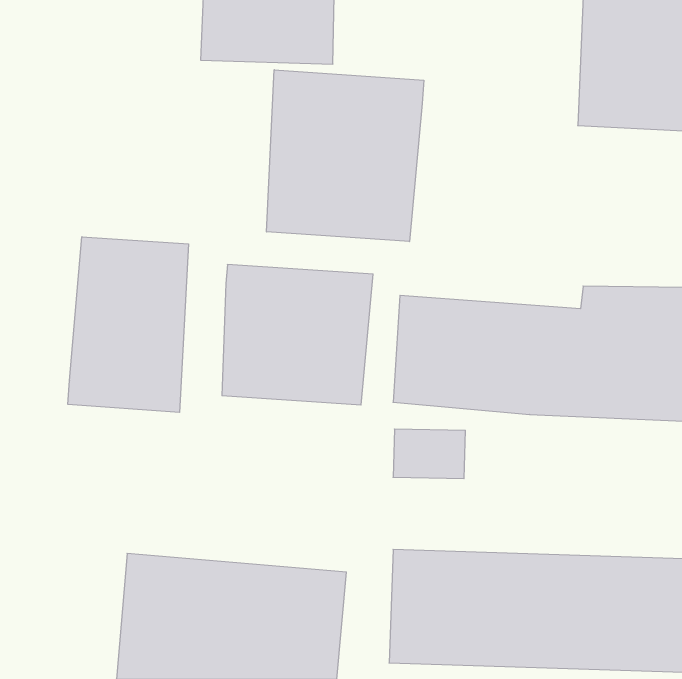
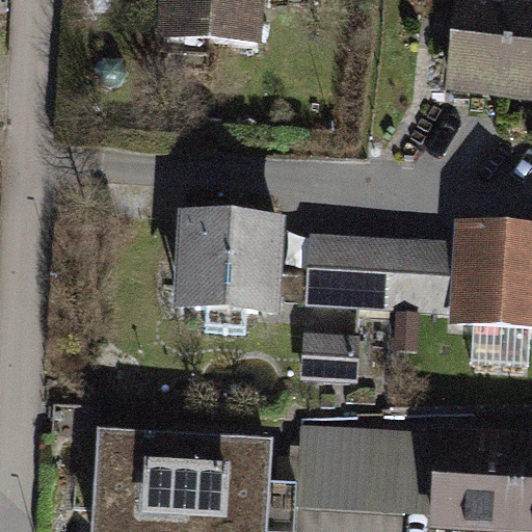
building: [267,70,424,242] -> none
building: [68,237,188,412] -> none

